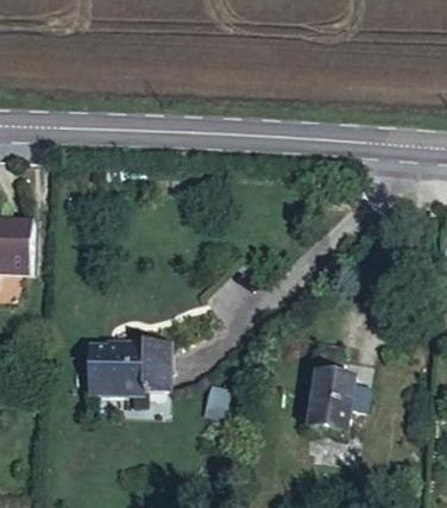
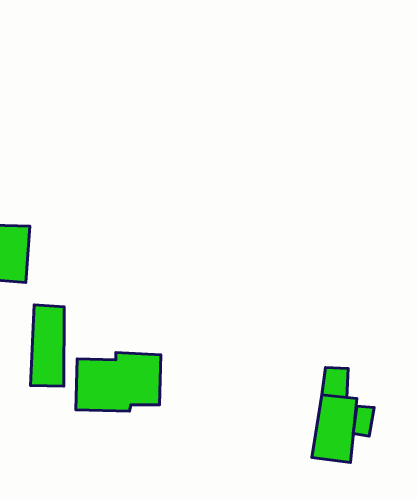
building: none -> [31,305,64,386]

